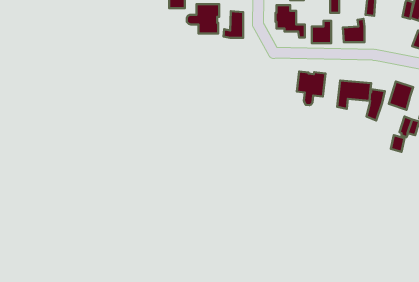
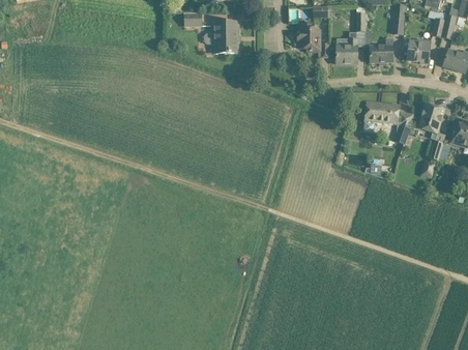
building: [223,11,243,38] -> none
building: none -> [408,39,430,63]
building: [297,71,325,105] -> none

